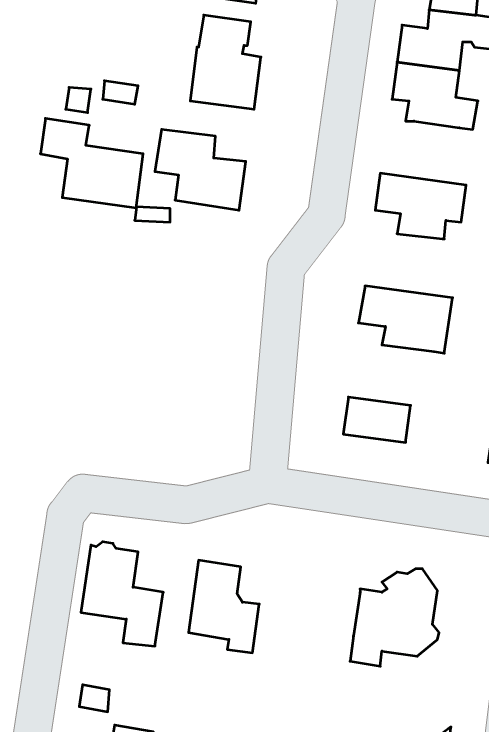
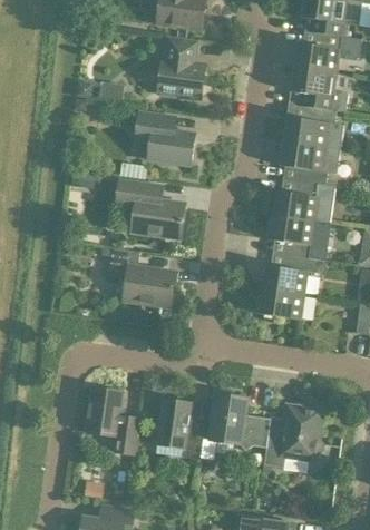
building: [40,118,143,208] -> [117,180,185,239]
building: none -> [284,107,344,149]
building: none -> [274,181,335,224]
building: none -> [101,246,176,306]
building: none -> [263,255,320,295]
building: none -> [212,390,271,451]

